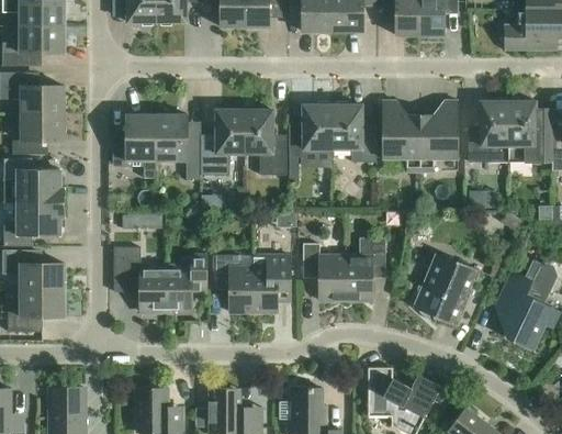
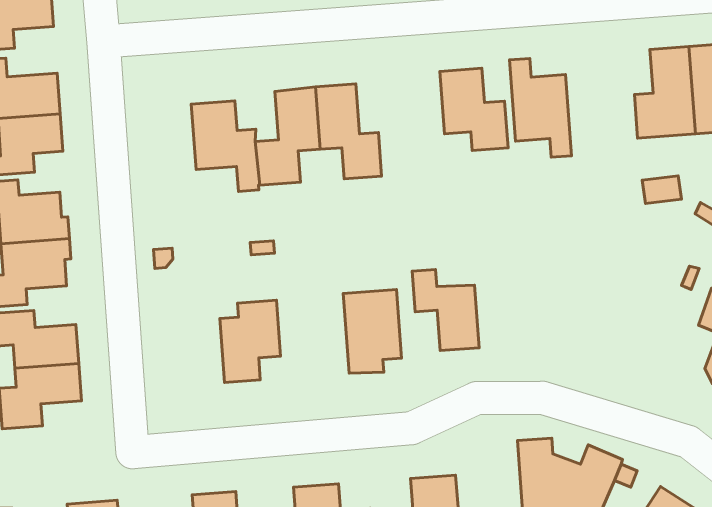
building: [420,100,459,170] -> none
building: [289,104,333,156] -> none
building: [113,114,157,178] -> none
building: [346,237,385,300] -> none
building: [113,247,166,311] -> none
building: [414,254,481,326] -> none
building: [216,255,254,311] -> none

